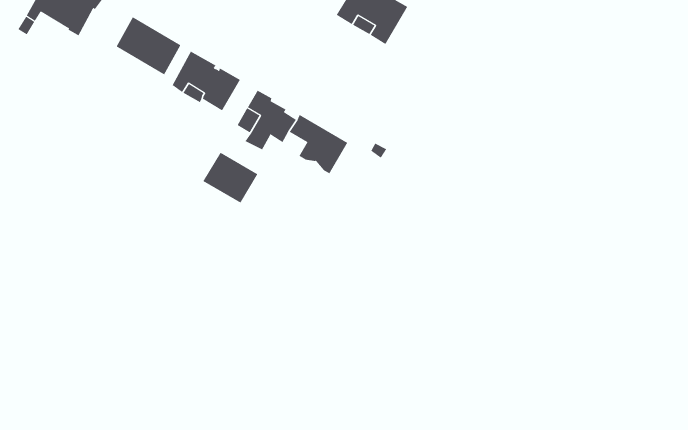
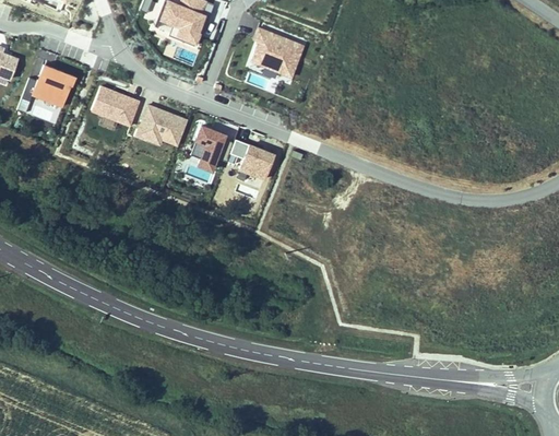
building: [203,152,258,203] -> none

